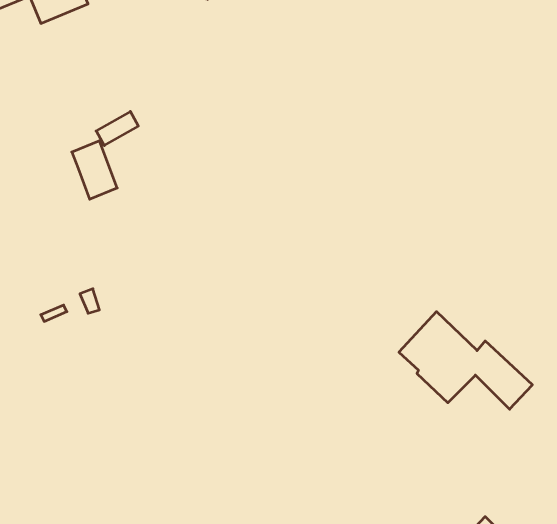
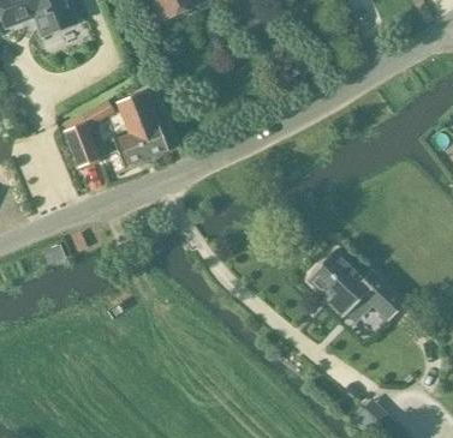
building: none -> [114,95,169,167]

